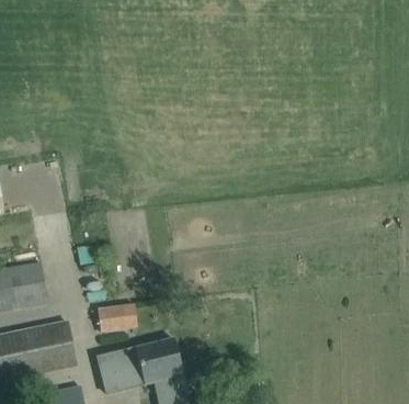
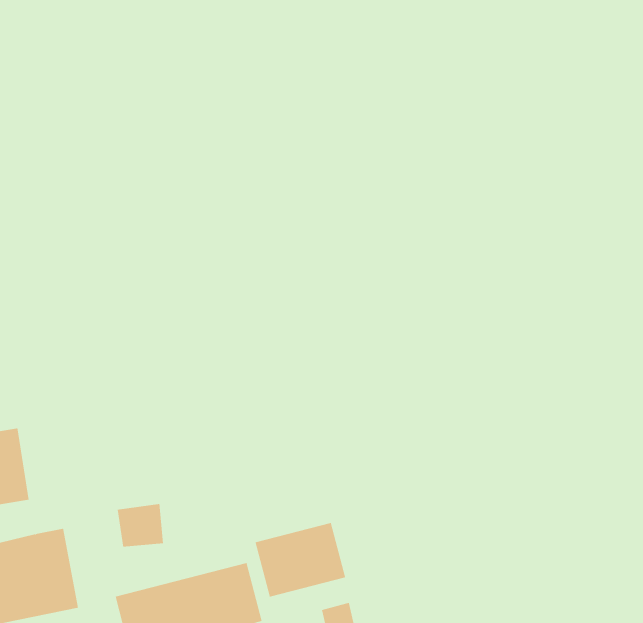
building: none -> [255,522,346,597]

